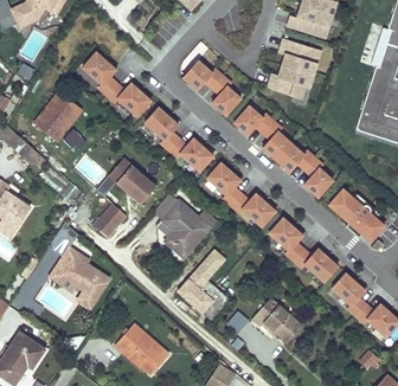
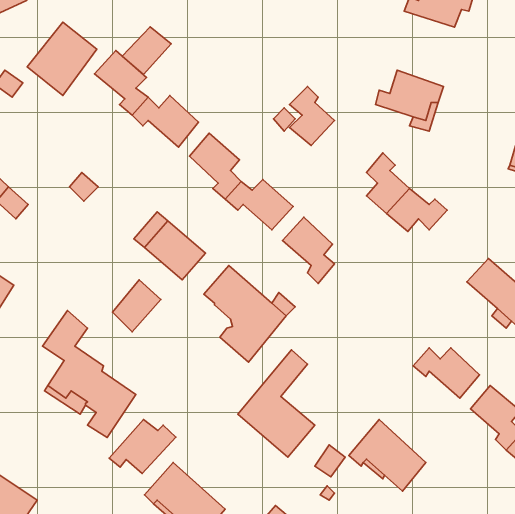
building: none -> [122,27,171,75]
building: [281,39,319,75] -> none
building: [184,59,224,89] -> none
building: [34,91,81,140] -> [27,22,97,96]
building: [233,104,274,133] -> none
building: [304,156,334,197] -> none
building: [231,192,276,225] -> none
building: [269,217,304,259] -> none
building: none -> [109,419,176,474]

